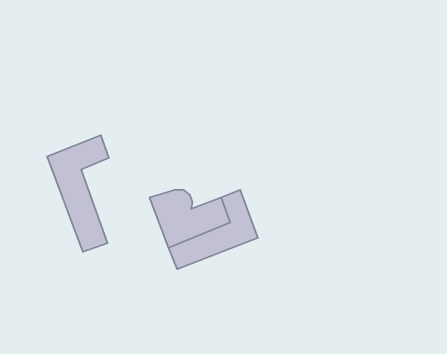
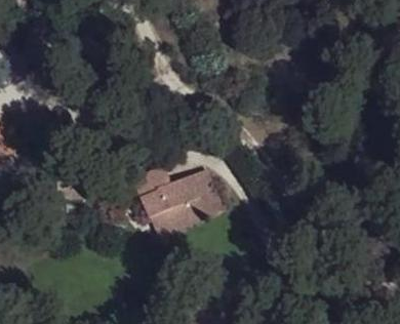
building: [47,135,109,252] -> none

